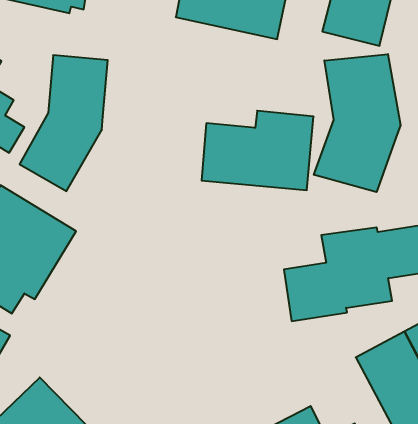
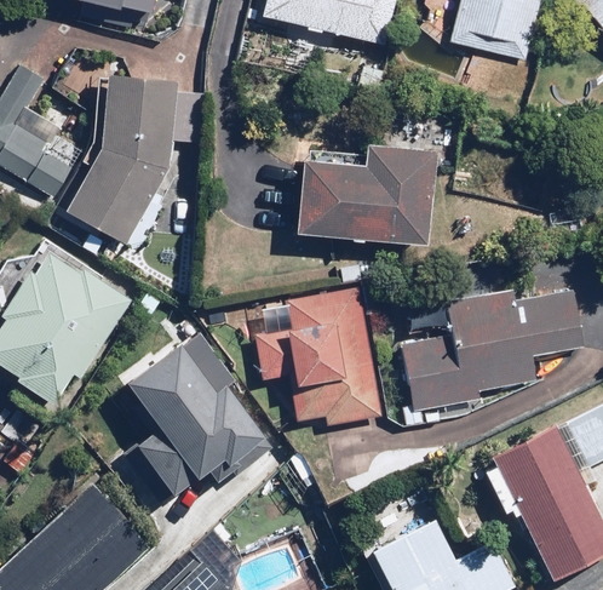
building: [314,54,400,192] -> none
building: none -> [245,286,378,422]
building: none -> [125,332,272,504]

